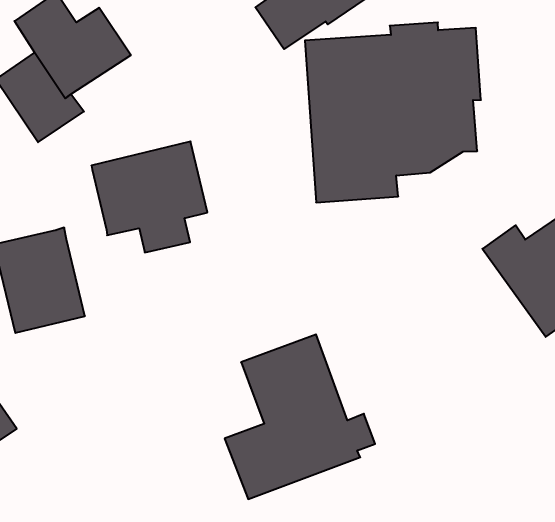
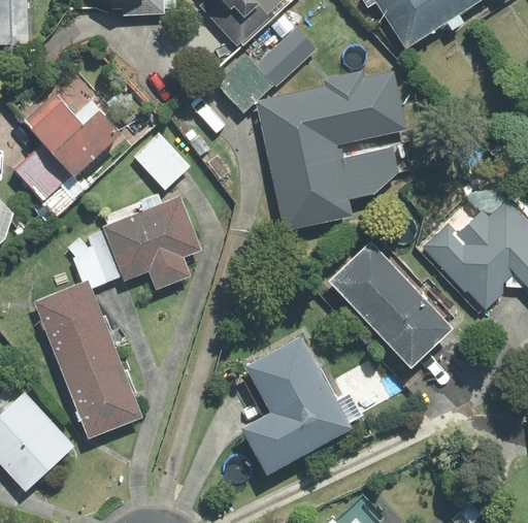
building: none -> [133,133,189,190]
building: none -> [67,230,122,289]
building: none -> [329,243,451,367]
building: none -> [61,348,141,438]

